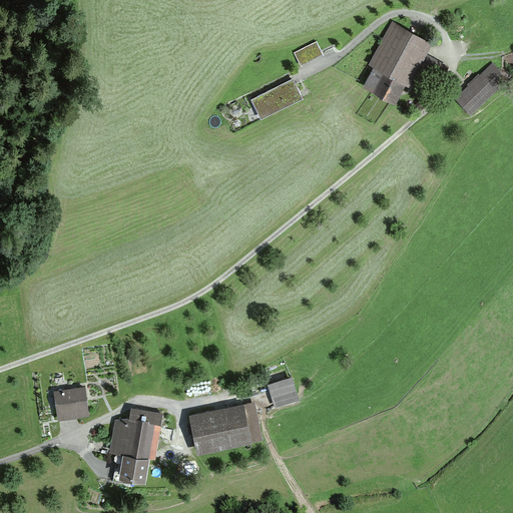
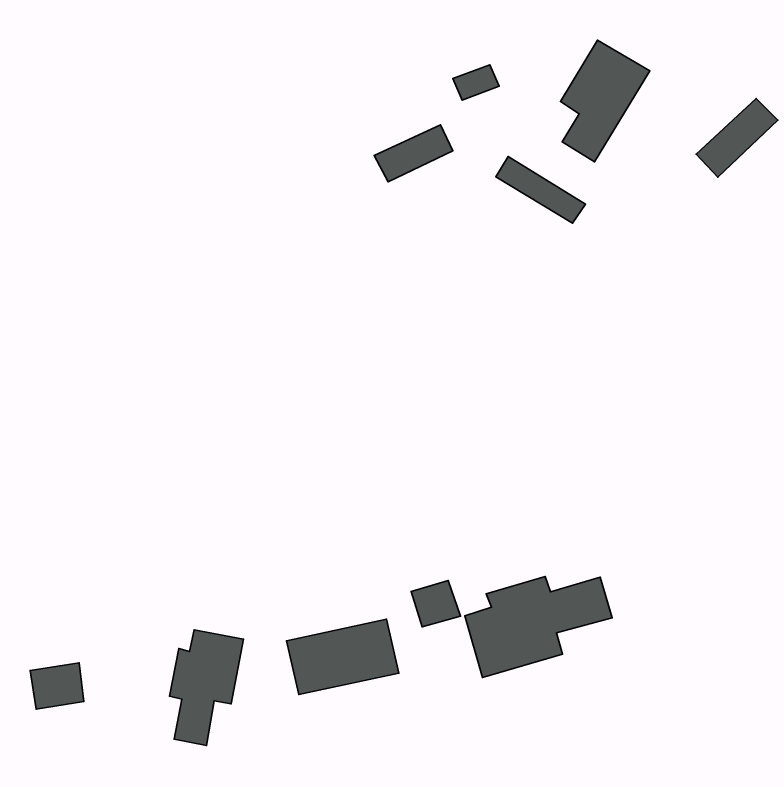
building: none -> [496,156,585,223]
building: none -> [465,576,612,677]
building: [55,388,90,418] -> [30,663,84,709]

